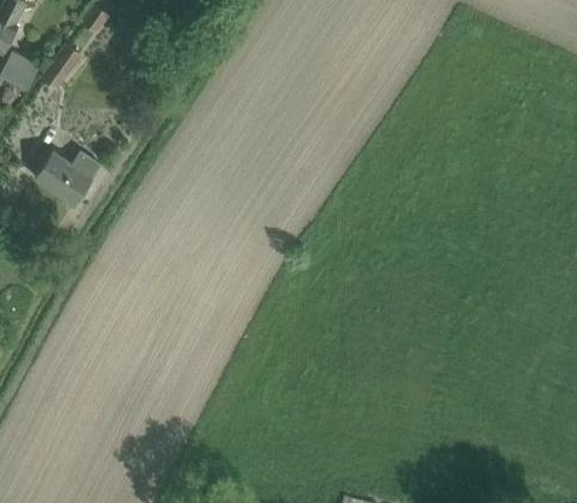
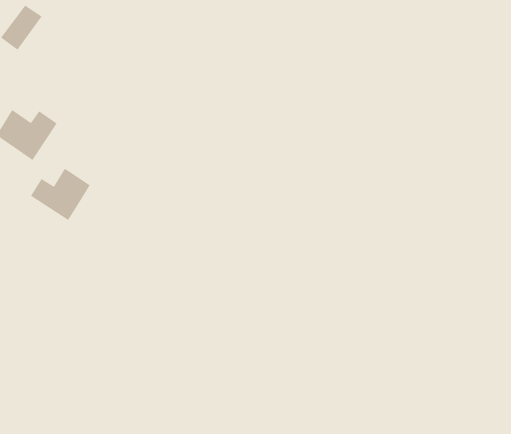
building: none -> [30,168,91,221]

